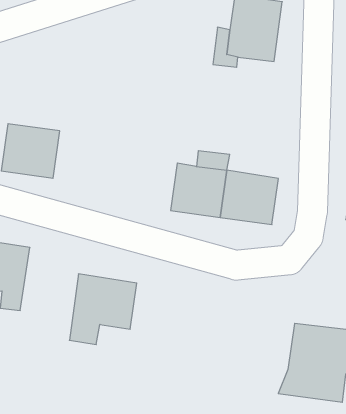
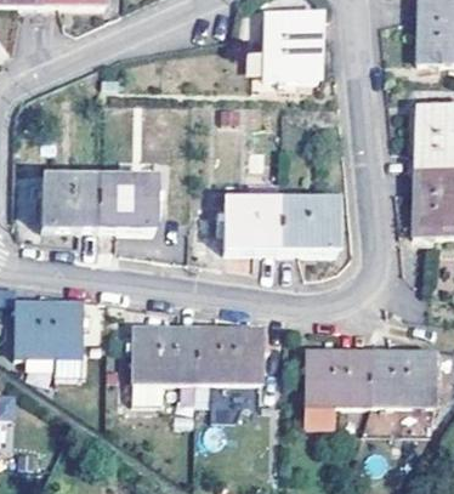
building: none -> [97,176,154,229]
building: none -> [198,328,263,399]
building: none -> [307,348,371,420]

